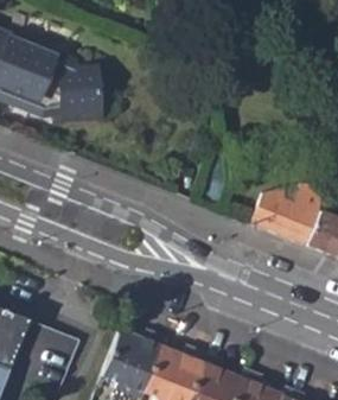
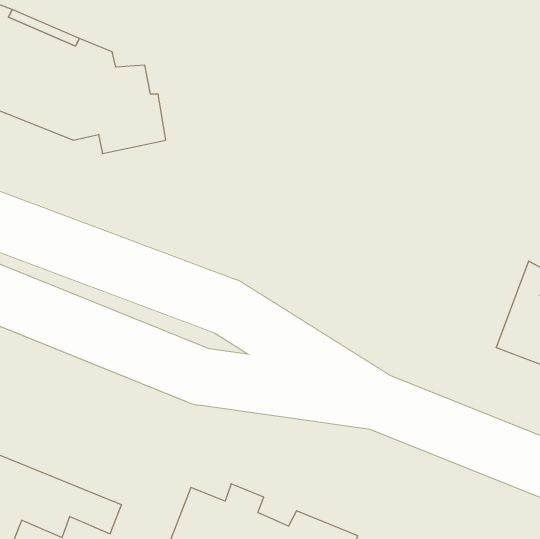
building: [254,183,330,245] -> none

